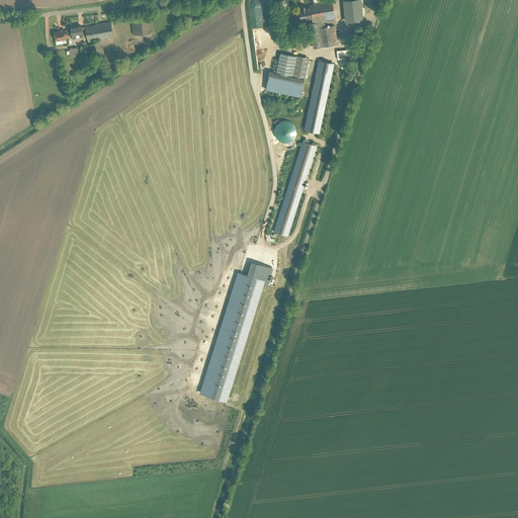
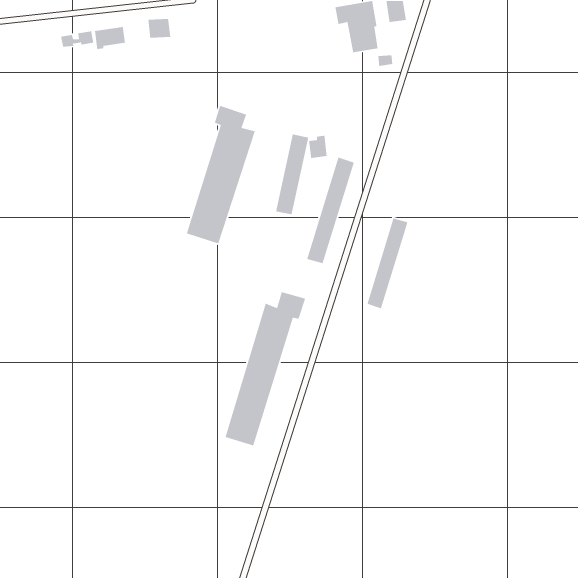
building: [266,54,309,97] -> none
building: [304,61,334,134] -> [275,134,309,215]
building: none -> [186,105,256,244]
building: none -> [367,217,408,310]

